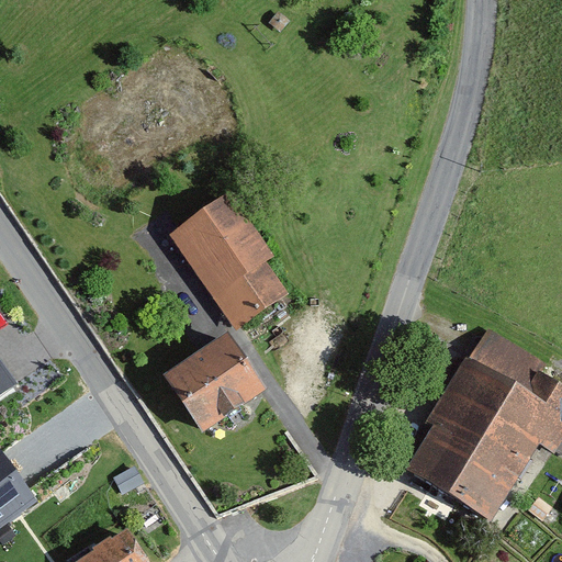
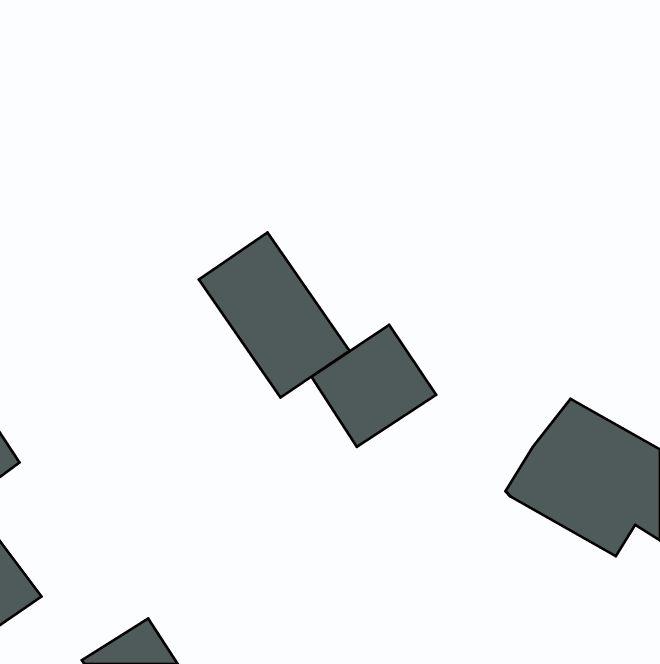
building: [162,330,268,434] -> [311,325,436,447]
building: [406,419,520,515] -> none

